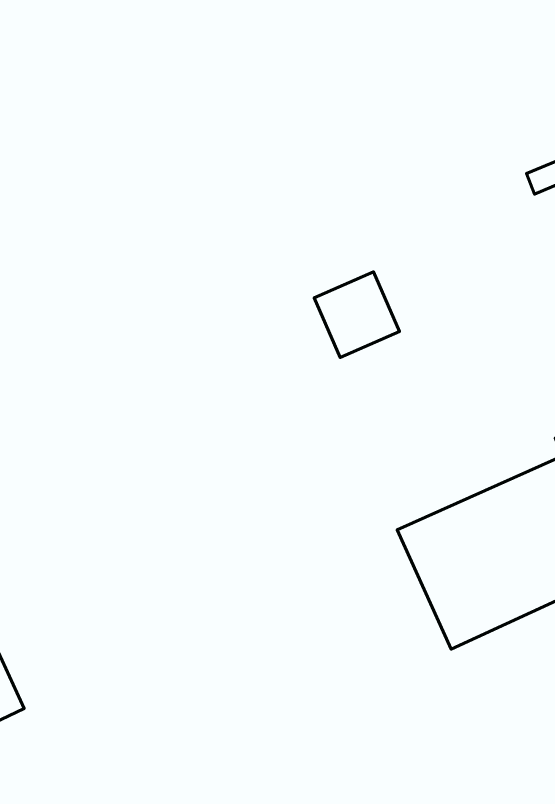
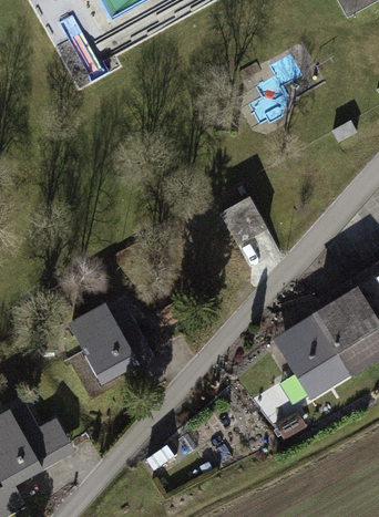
building: none -> [69,297,152,383]

